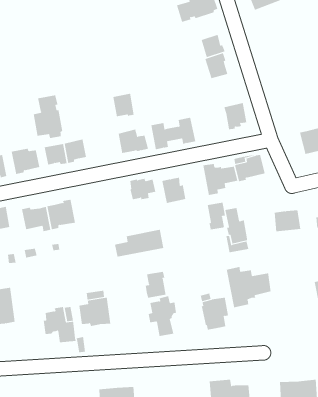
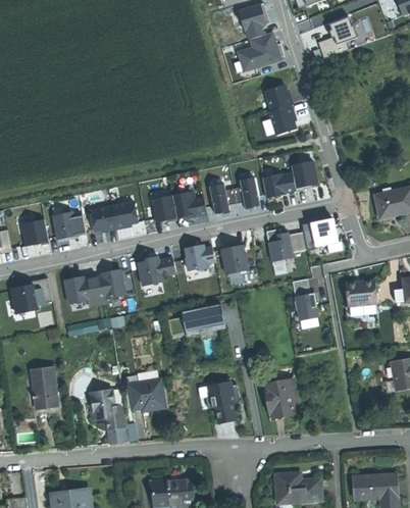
building: [113,93,134,117] -> [152,196,176,222]
building: [33,94,63,139] -> none
building: none -> [262,173,296,198]
building: none -> [138,258,175,286]
building: [207,202,225,231] -> none
building: [226,266,271,308] -> none
building: [145,271,166,299] -> none

